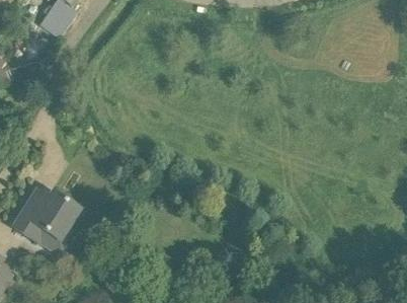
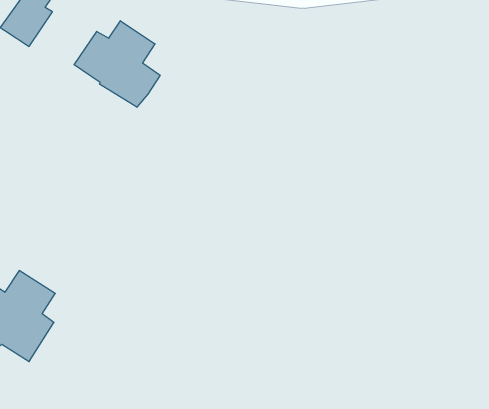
building: none -> [74,21,160,107]

